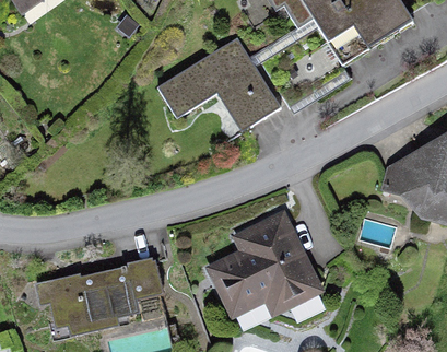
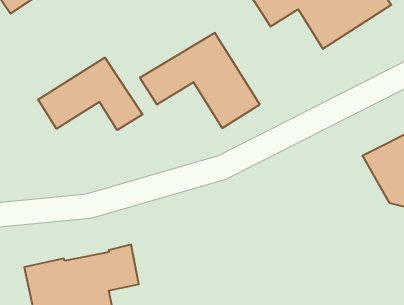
building: none -> [38,58,143,130]
building: [207,209,321,312] -> none

